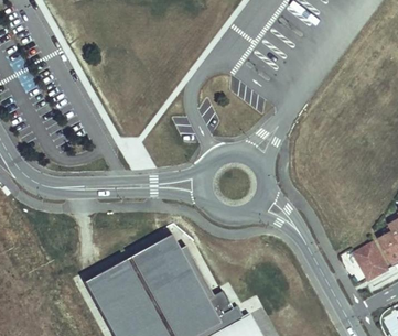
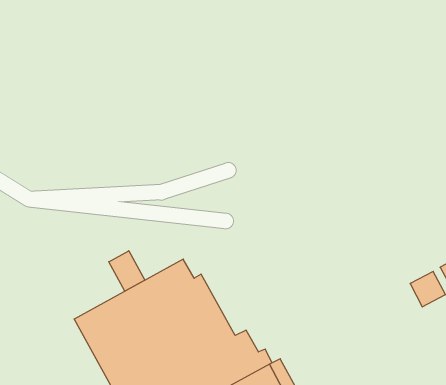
building: none -> [109,251,145,291]

